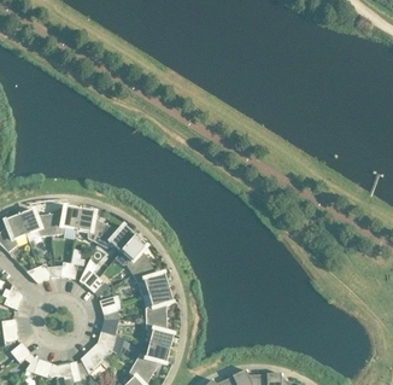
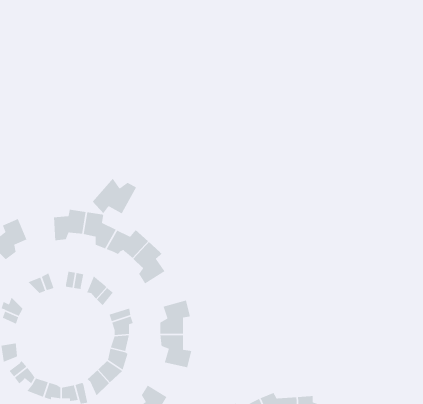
building: none -> [92,177,137,216]
building: [18,208,51,235] -> none
building: [131,261,169,292] -> none
building: [134,343,170,374] -> none

